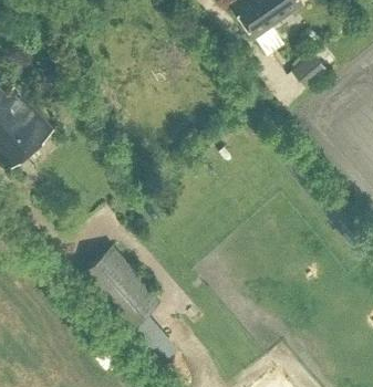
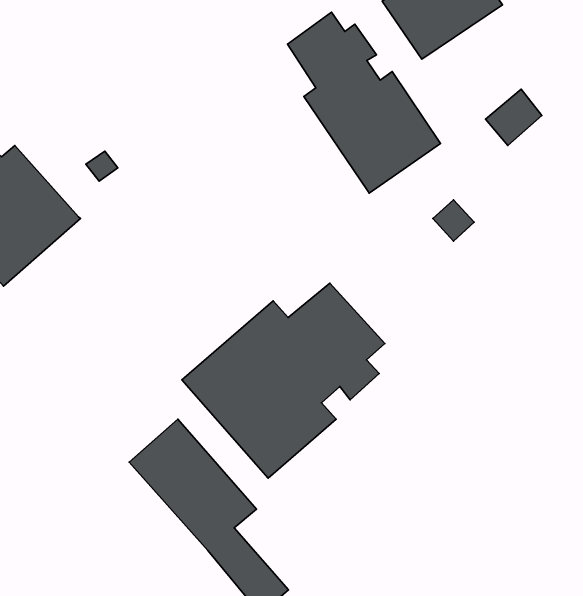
building: none -> [288,12,441,193]
building: none -> [182,283,385,478]

